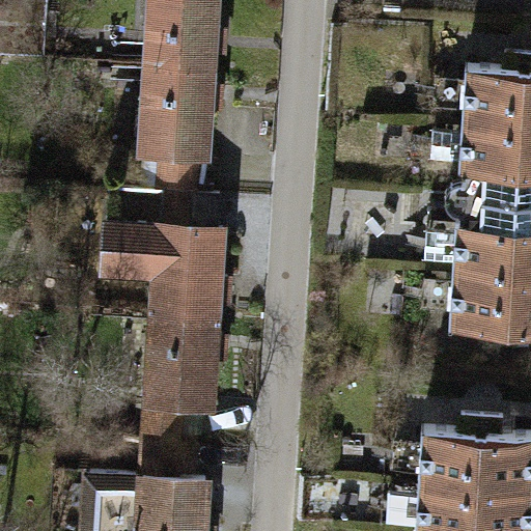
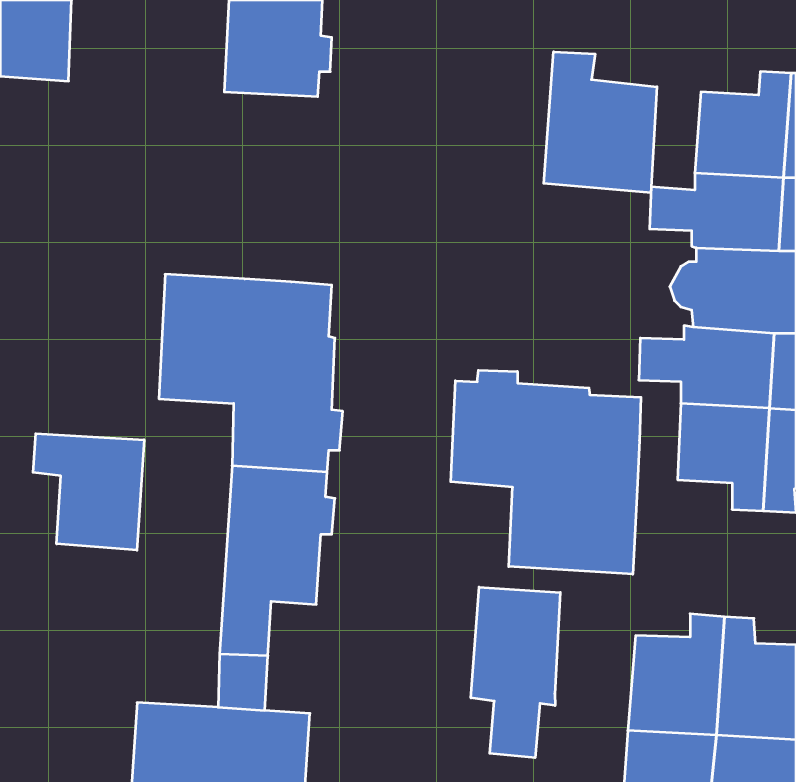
building: none -> [544,52,657,193]
building: [145,71,218,197] -> none
building: none -> [451,370,641,574]
building: none -> [33,434,144,550]
building: none -> [471,587,560,758]

